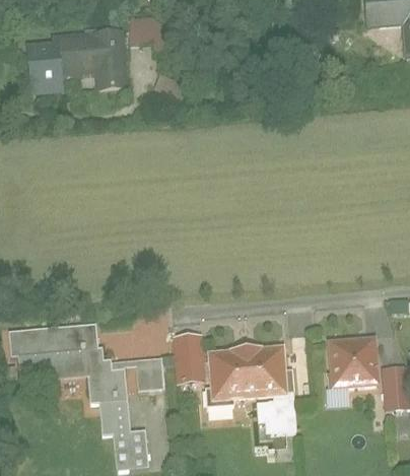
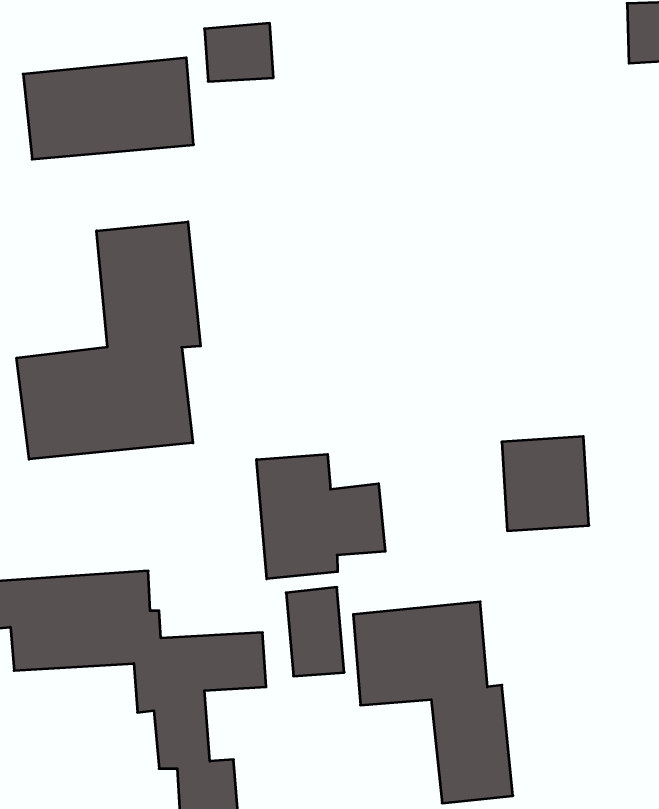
building: none -> [17,222,201,459]
building: none -> [257,454,385,579]
building: [328,332,377,385] -> [502,436,589,531]

